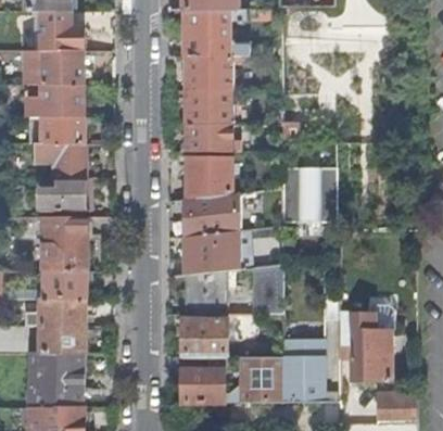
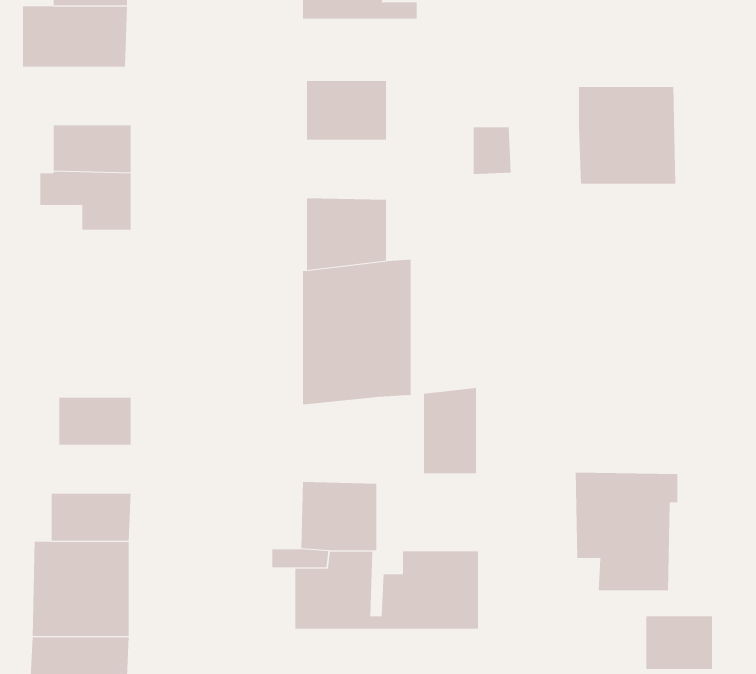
building: [186,55,232,90] -> none
building: [29,83,83,115] -> none
building: [186,124,238,151] -> none
building: [280,165,336,220] -> [578,86,676,184]
building: [40,175,87,208] -> none
building: [45,215,87,269] -> none
building: [185,269,227,313] -> none
building: [26,296,87,324] -> none
building: [283,338,324,402] -> none

